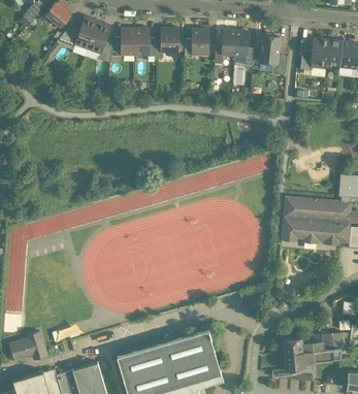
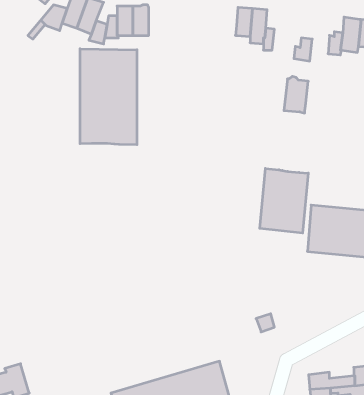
building: [161,28,178,52] -> none
building: [192,29,208,54] -> none
building: [259,33,280,64] -> [284,76,308,113]
building: none -> [80,49,137,145]
building: none -> [260,168,308,233]

